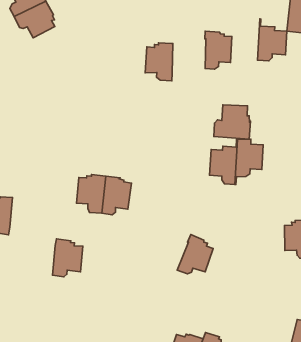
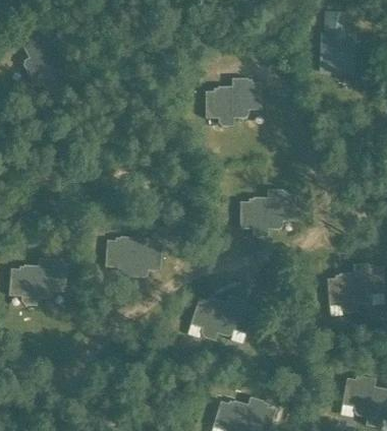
building: [258,19,287,61] -> none
building: [145,43,173,81] -> [206,85,234,125]
building: [214,105,250,139] -> none
building: none -> [191,297,227,340]
building: [52,239,83,277] -> [37,258,67,298]

